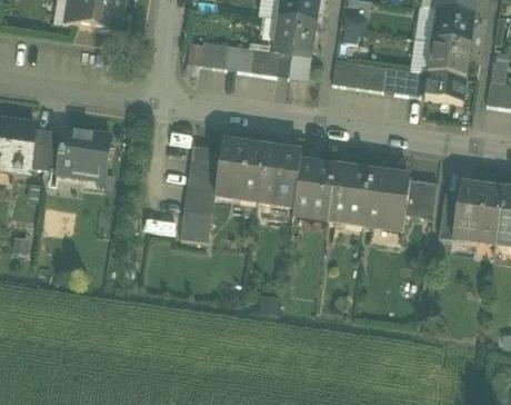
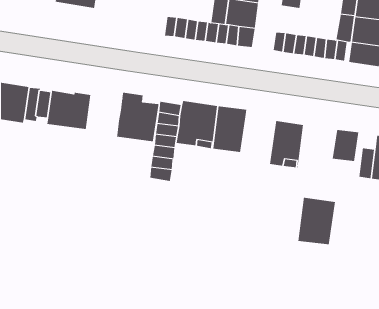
building: none -> [117,92,160,142]
building: [293,162,335,215] -> none
building: [363,172,410,230] -> [298,197,336,245]

